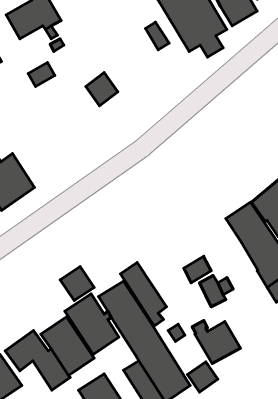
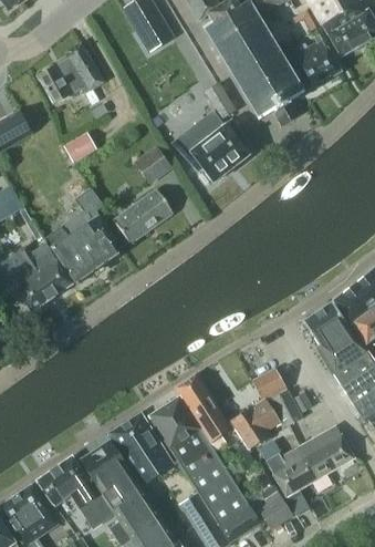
building: none -> [173,117,248,182]
building: none -> [45,188,118,283]
building: none -> [112,189,171,244]
building: [60,266,94,301] -> none
building: none -> [229,400,279,450]
building: none -> [301,425,353,477]

